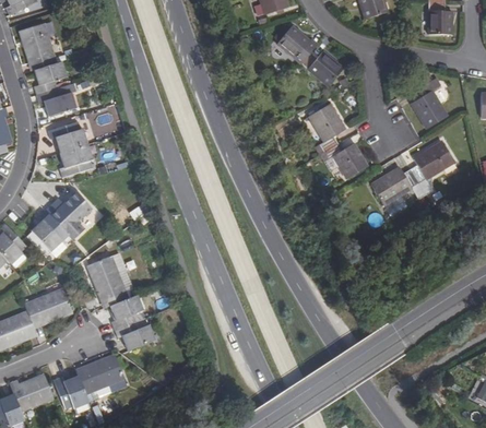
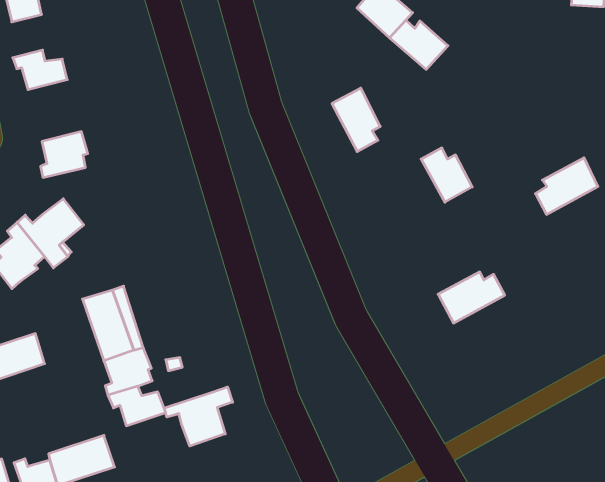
building: [34,60,67,94] -> none
building: [411,74,447,128] -> none
building: [308,104,343,148] -> [332,88,380,152]
building: [48,121,87,152] -> none
building: [371,167,418,204] -> [438,272,505,323]
building: none -> [165,387,233,446]

